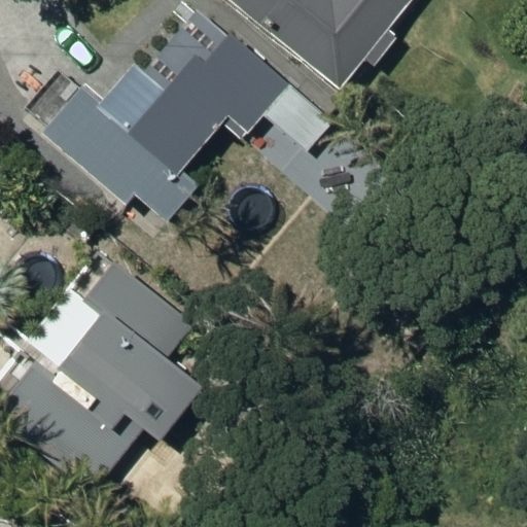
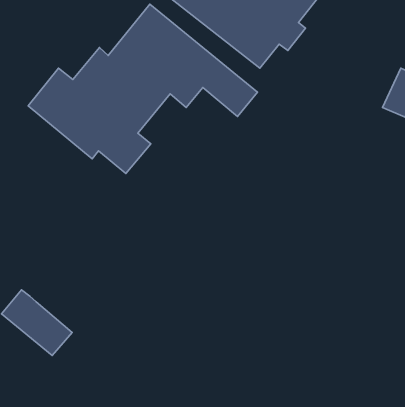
building: [51,262,199,437] -> none

